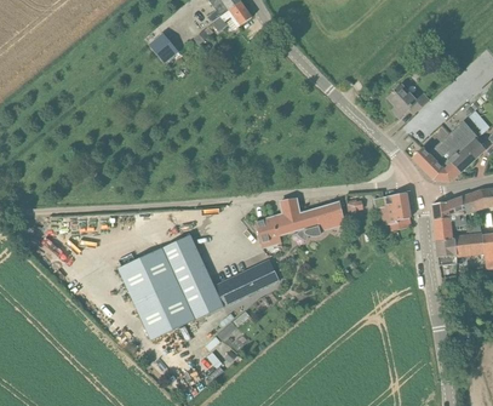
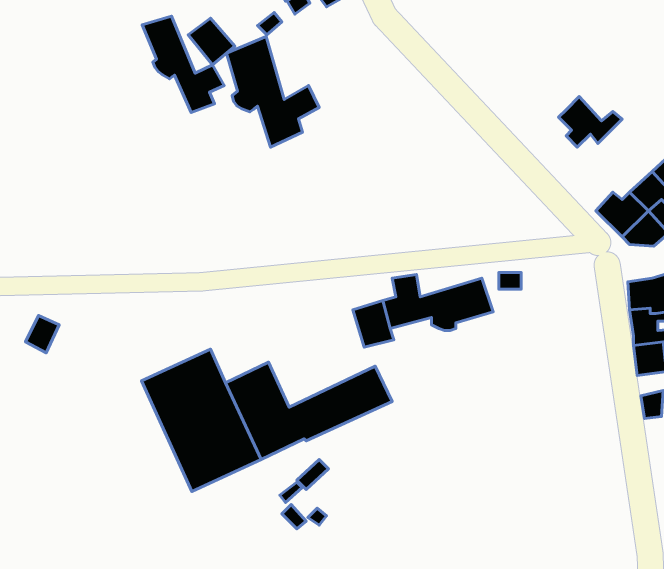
building: none -> [142,16,224,112]
building: none -> [227,37,319,147]
building: [373,191,409,230] -> none
building: [162,234,200,269] -> none

